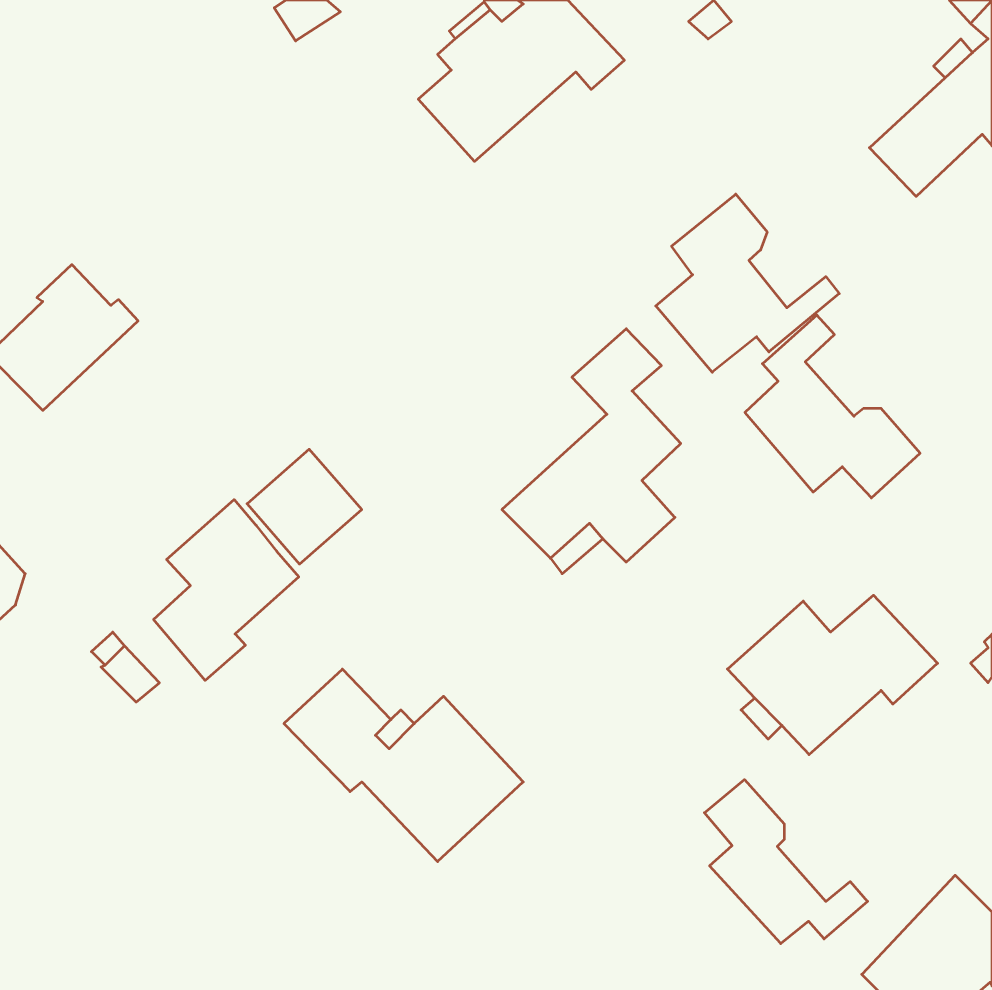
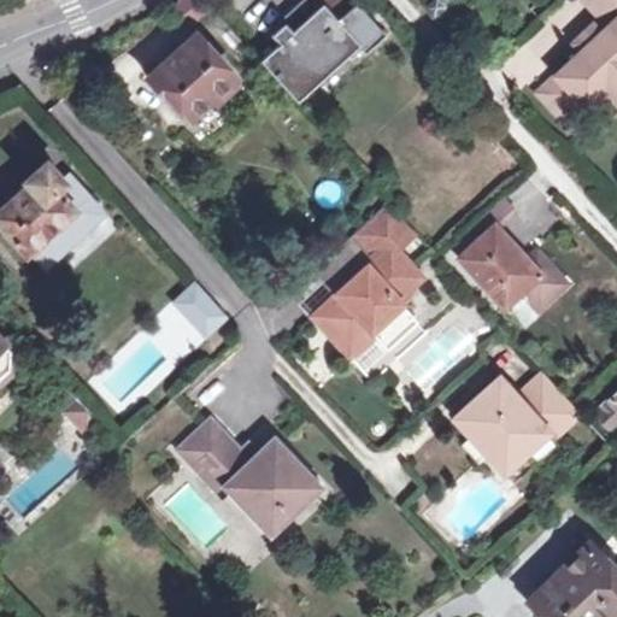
building: none -> [146,35,245,122]
building: [656,194,839,372] -> none
building: [154,500,299,680] -> none
building: [704,780,868,944] -> none

